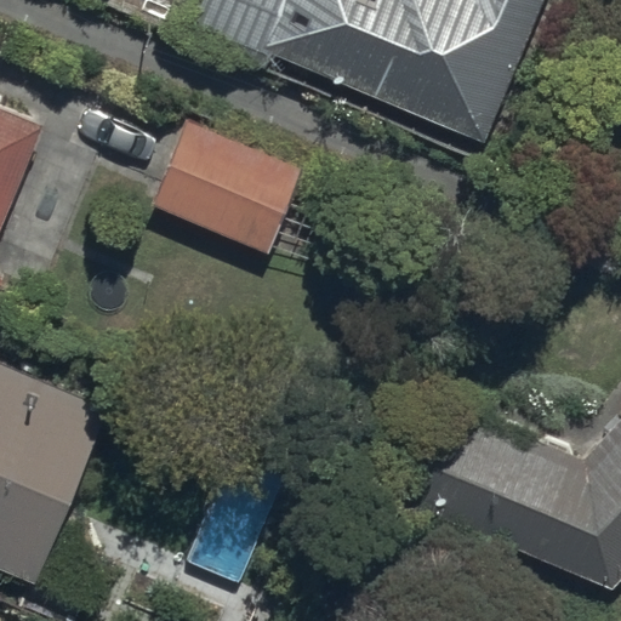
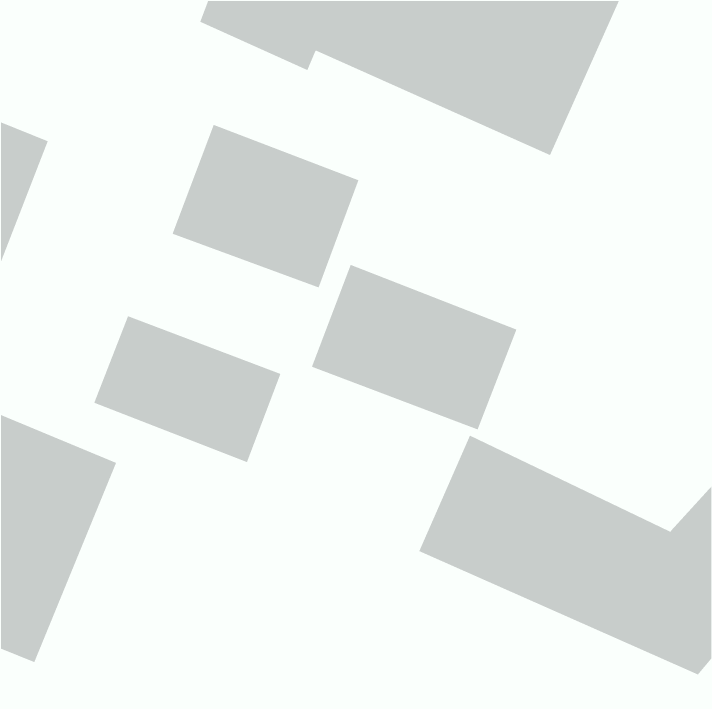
building: none -> [311,264,518,431]
building: none -> [93,315,281,463]

